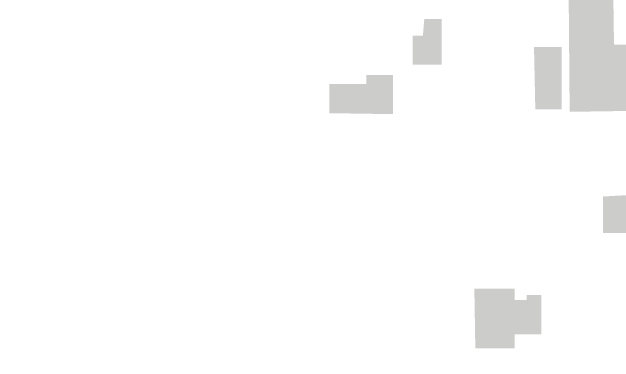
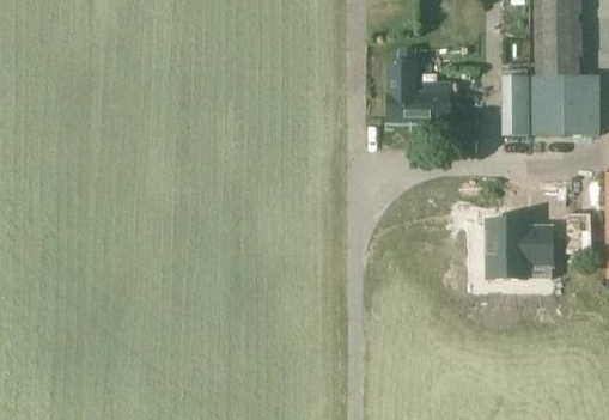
building: [329,74,394,115] -> [389,83,450,121]
building: [473,288,542,349] -> [488,220,553,278]

